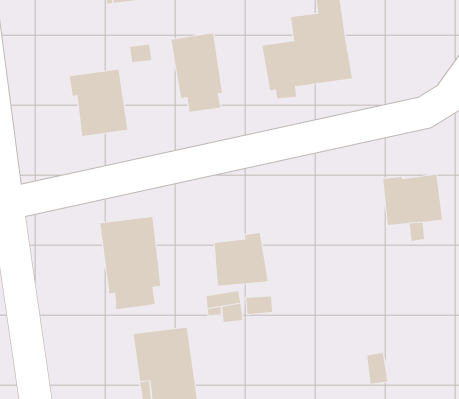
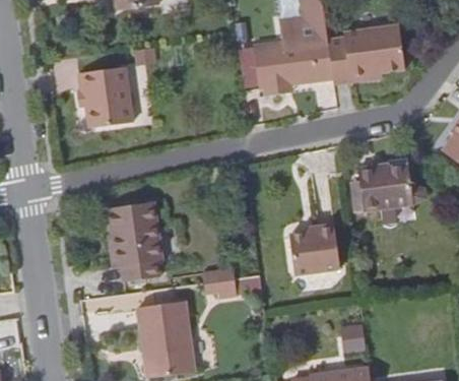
building: none -> [326,26,405,84]
building: [171,33,223,112] -> none
building: [214,232,269,286] -> [288,227,337,274]

